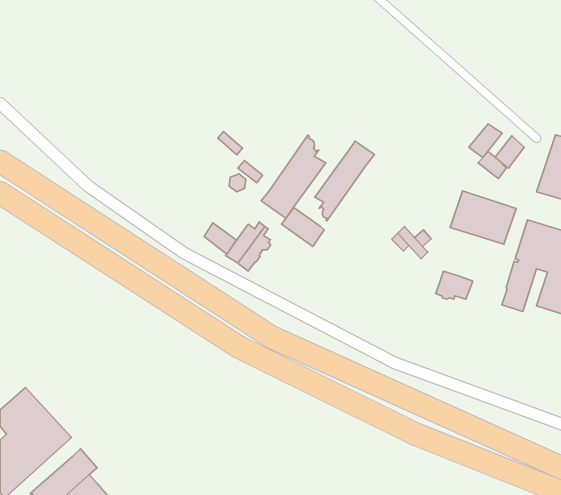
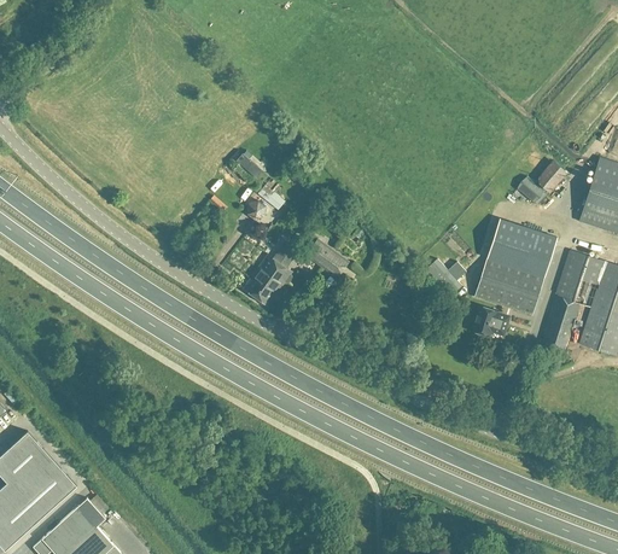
building: [469,124,502,158] -> none
building: [261,135,326,218] -> none
building: [315,141,374,221] -> none
building: [204,223,236,254] -> none
building: none -> [474,258,544,315]

